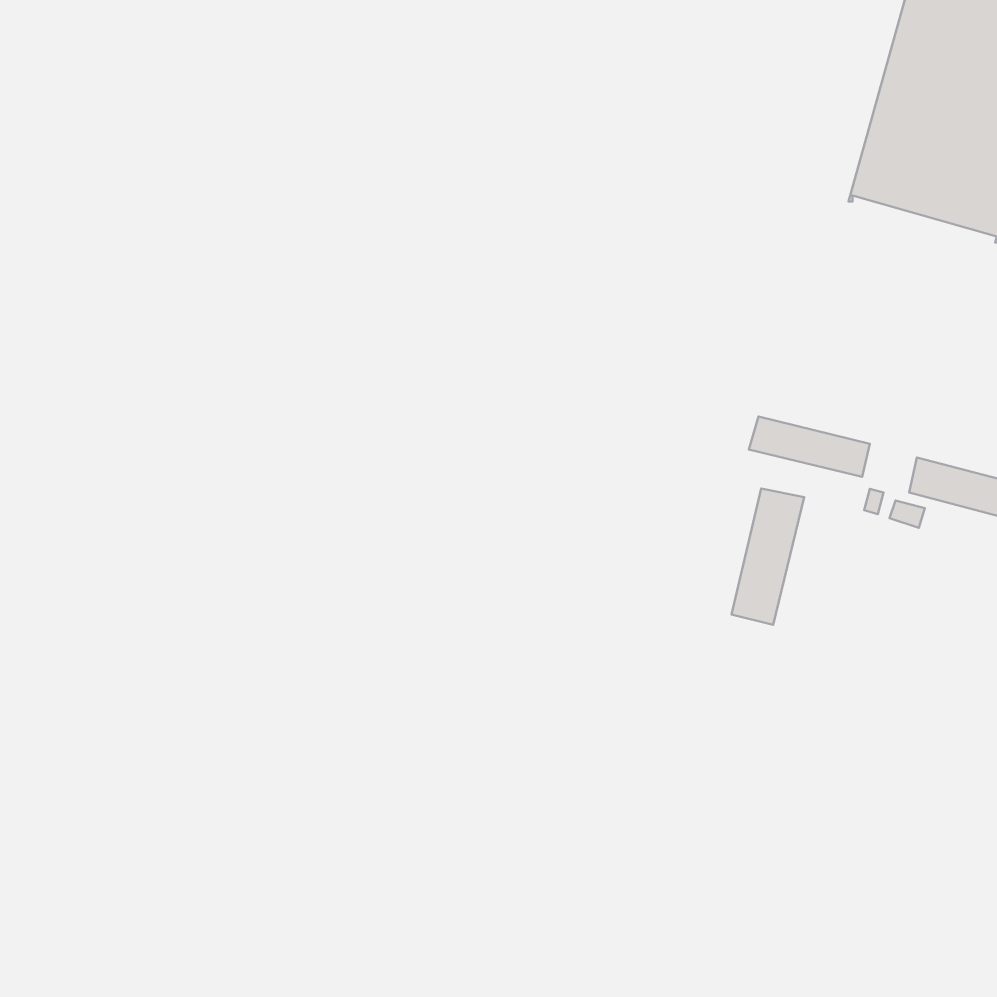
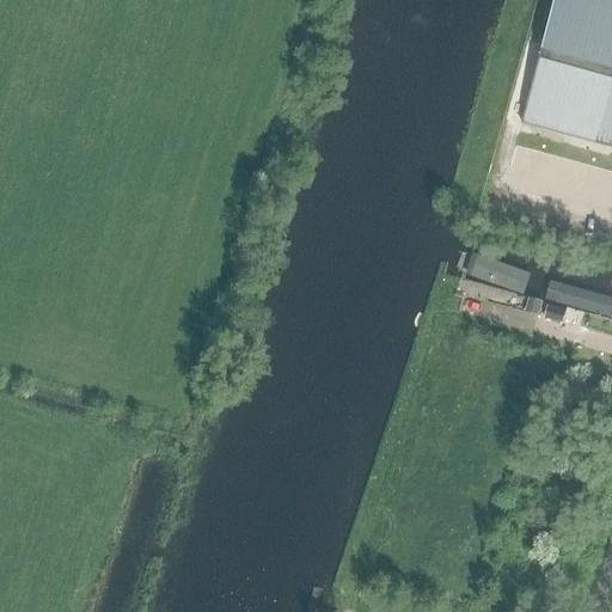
building: [731,489,804,625] -> none

